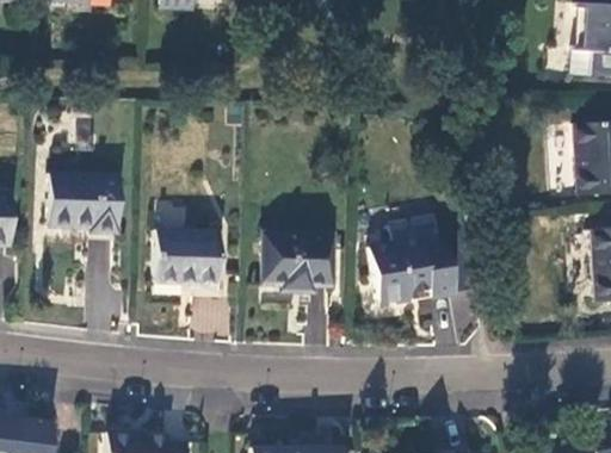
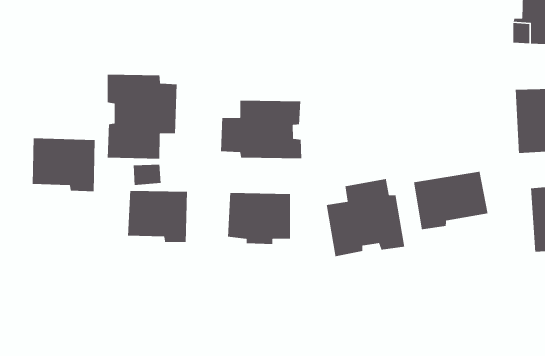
building: none -> [107,74,178,159]
building: none -> [220,100,302,159]
building: none -> [413,171,489,230]

